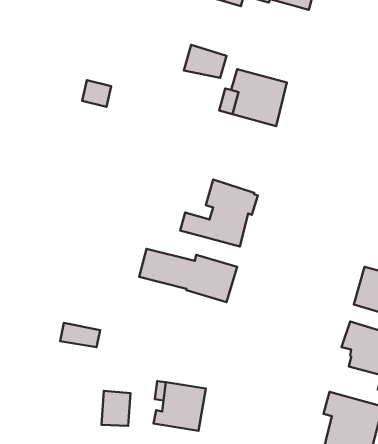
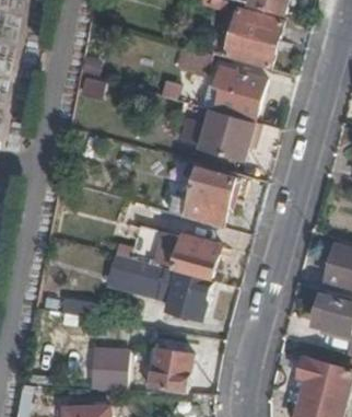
building: none -> [224,8,282,66]
building: none -> [197,108,259,160]
building: none -> [106,253,210,318]

